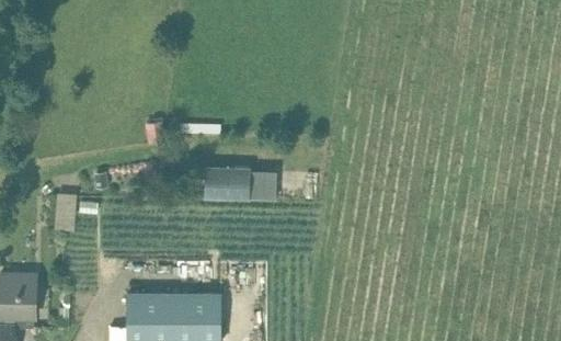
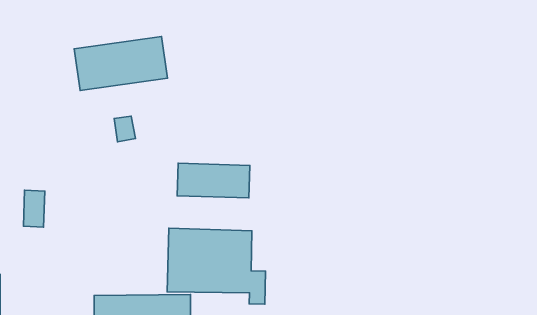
building: none -> [74,36,168,91]
building: none -> [167,228,266,304]

